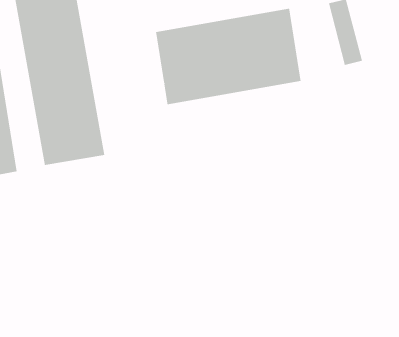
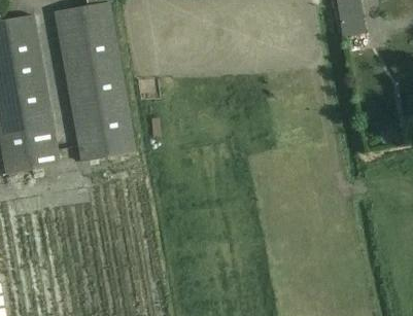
building: [156,8,301,105] -> none

